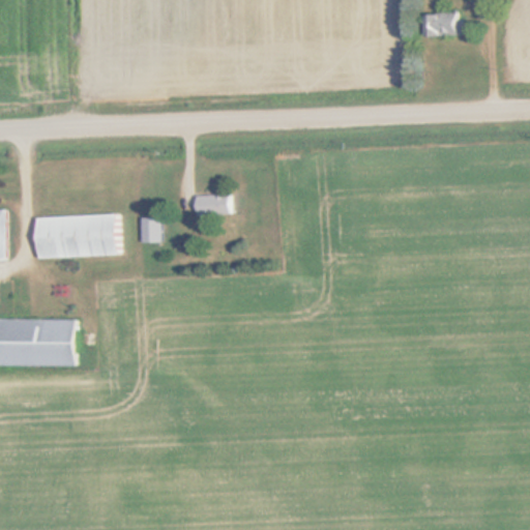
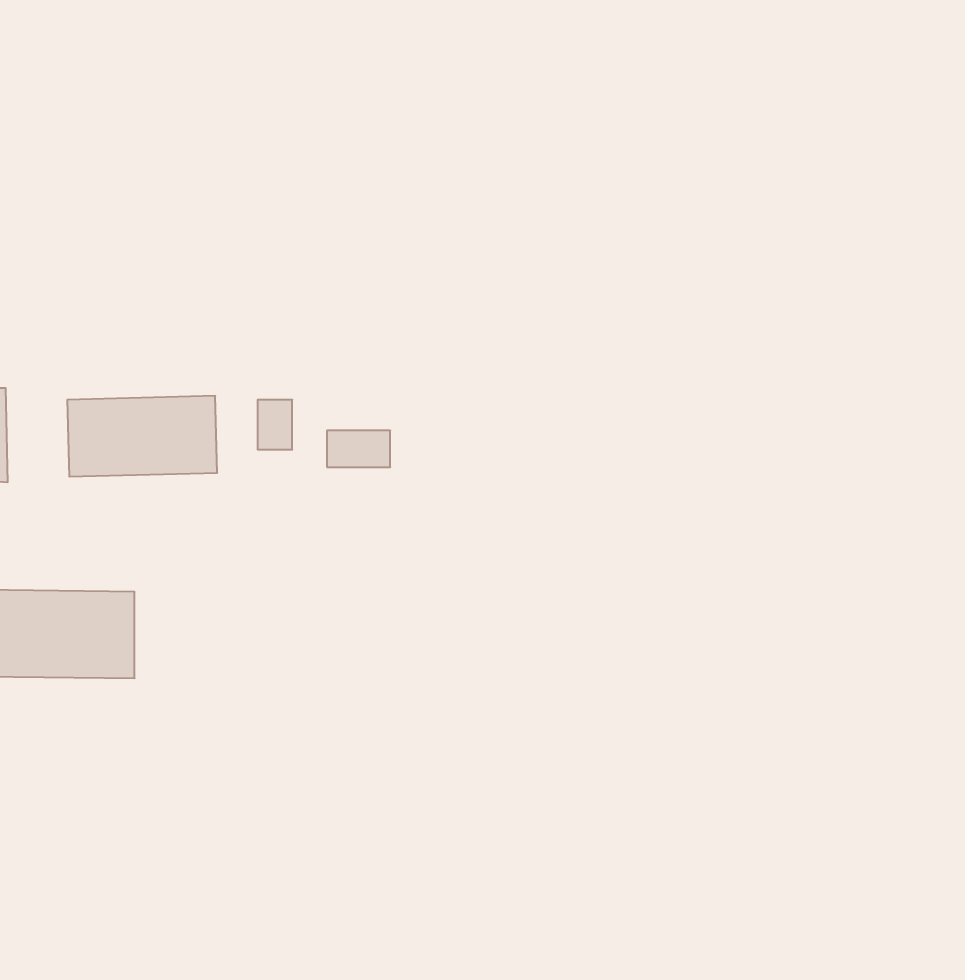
building: [425,14,460,37] -> none
building: [193,195,227,214] -> [327,431,390,467]

